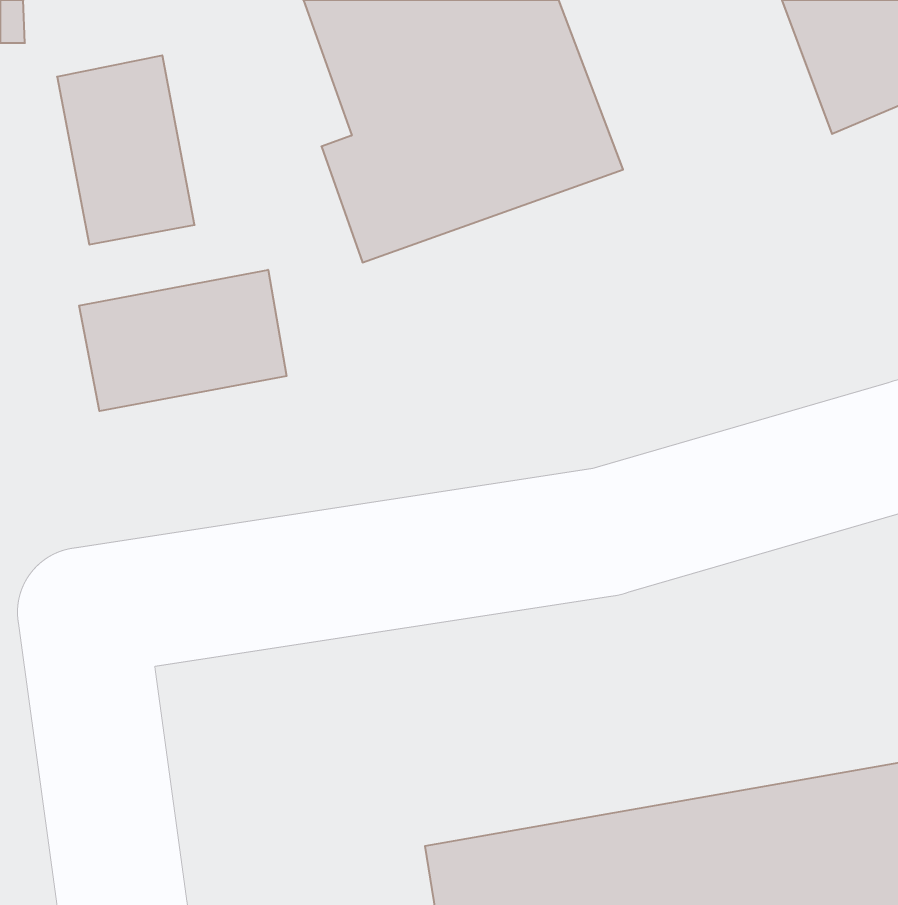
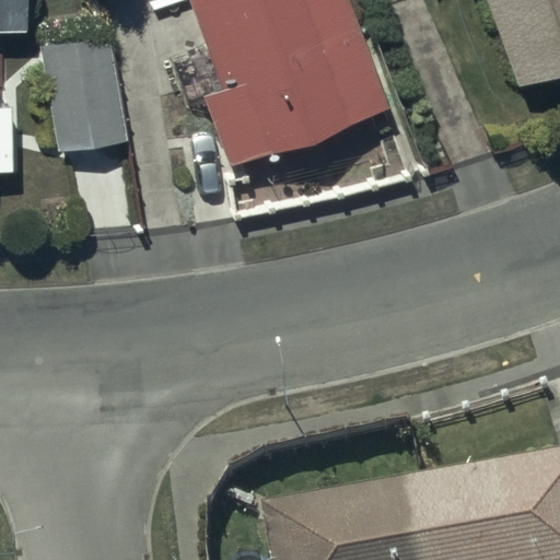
building: [79,270,287,411] -> none

